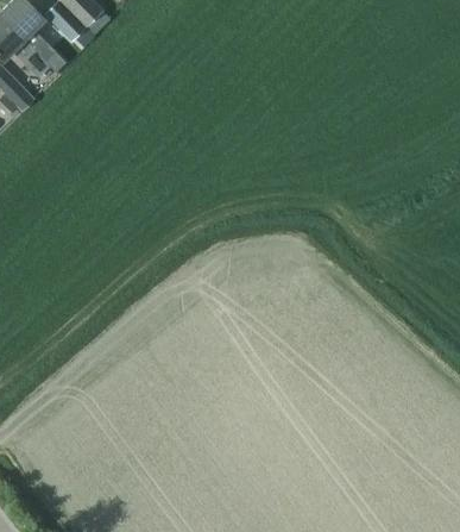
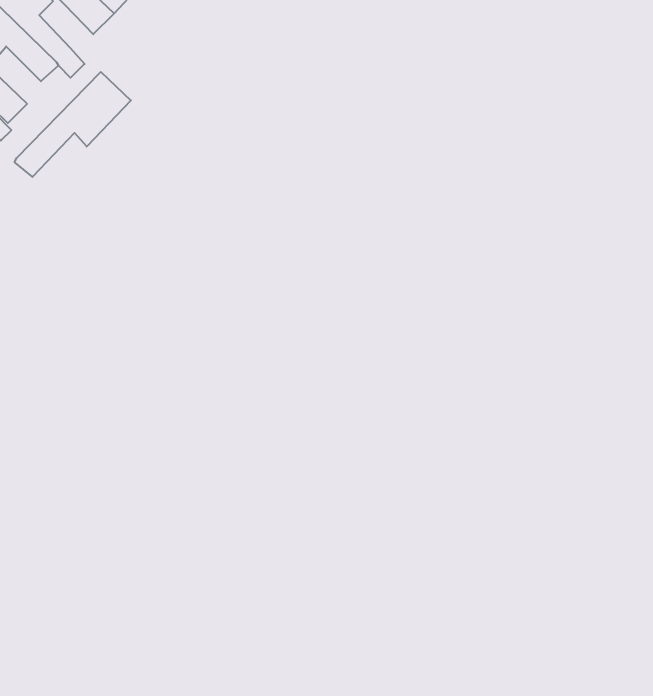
building: none -> [15,72,131,177]

